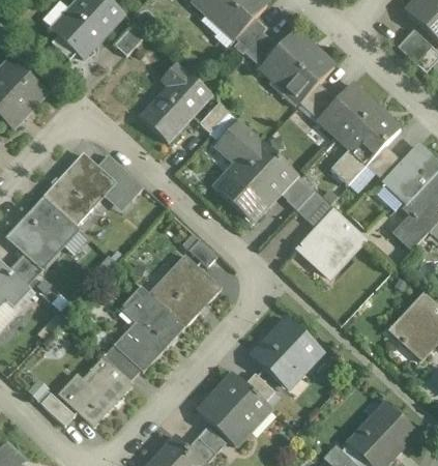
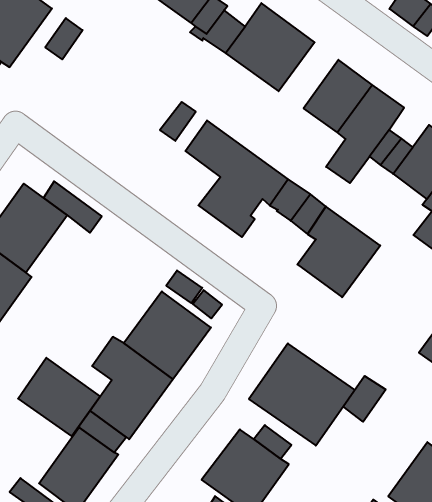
building: [140,61,211,142] -> none
building: none -> [18,358,100,436]
building: none -> [343,376,386,422]

